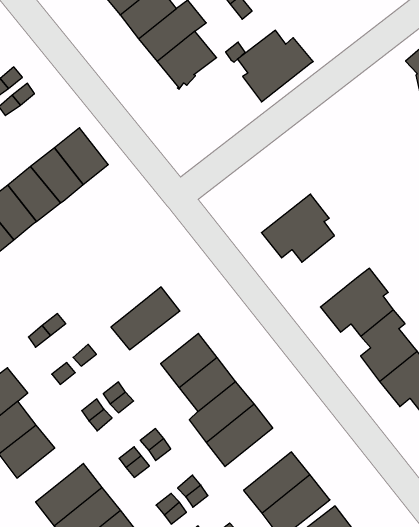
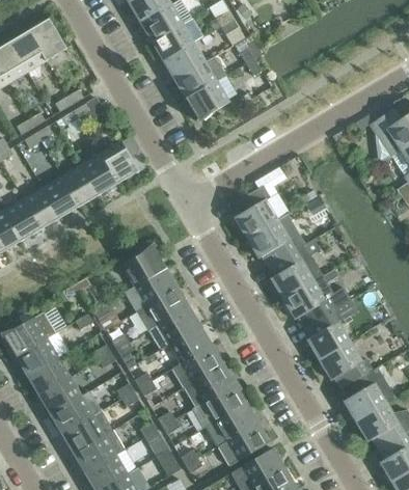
building: [237,30,313,102] -> [233,186,289,238]
building: none -> [271,245,323,299]
building: none -> [122,245,166,287]
building: none -> [136,288,189,331]
building: none -> [193,384,246,429]
building: none -> [39,377,82,415]

